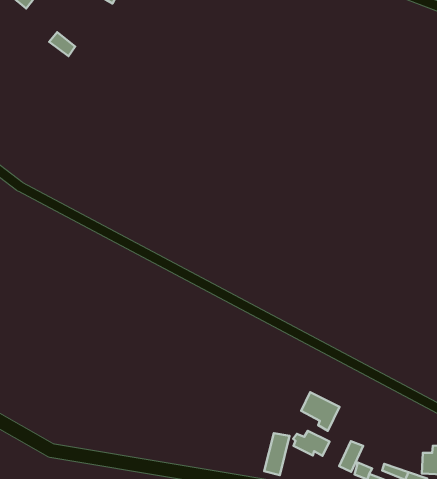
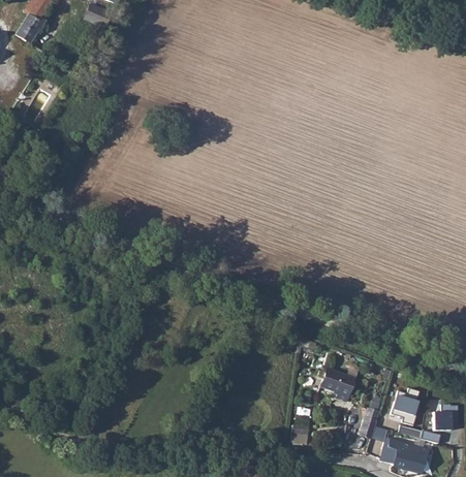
building: none -> [392,387,421,423]
building: [293,431,330,456] -> none

